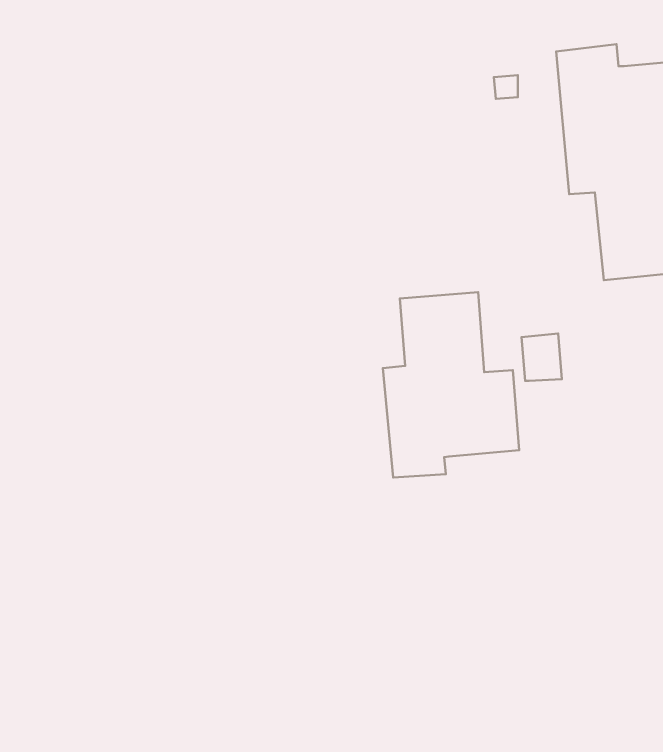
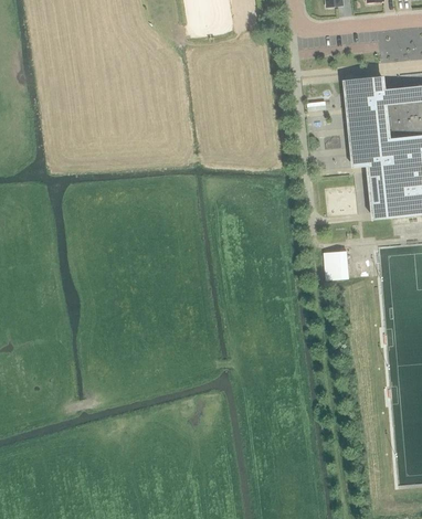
building: [383,292,519,477] -> none

